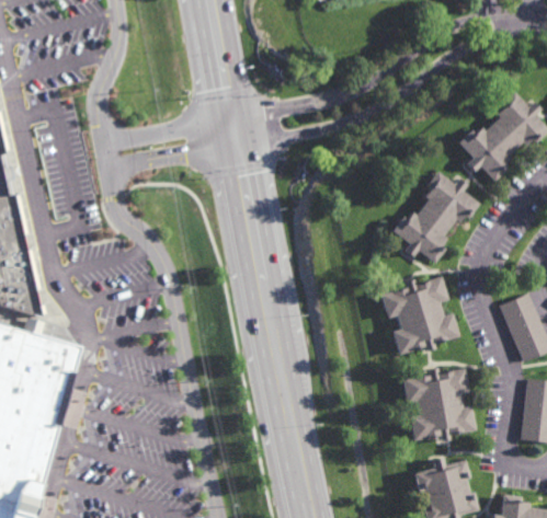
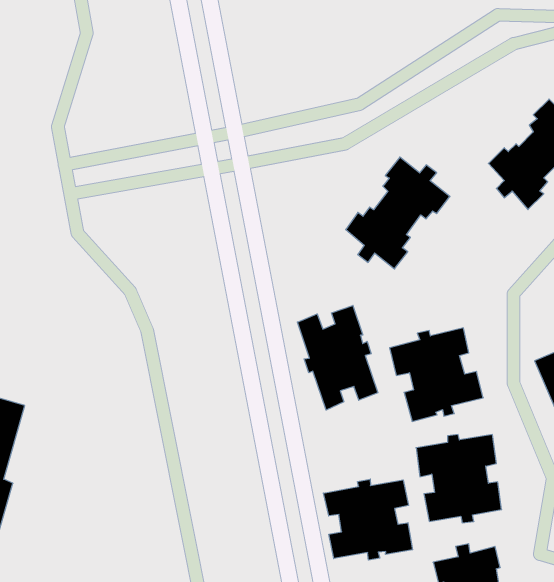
building: [394,171,480,264] -> [346,157,450,269]
building: none -> [297,305,378,410]
building: none -> [323,479,413,560]

